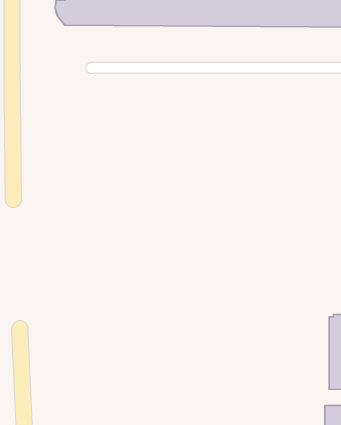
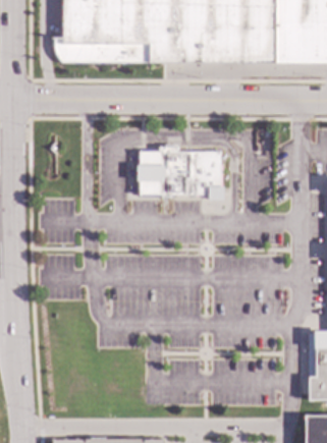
building: none -> [139,146,225,199]

